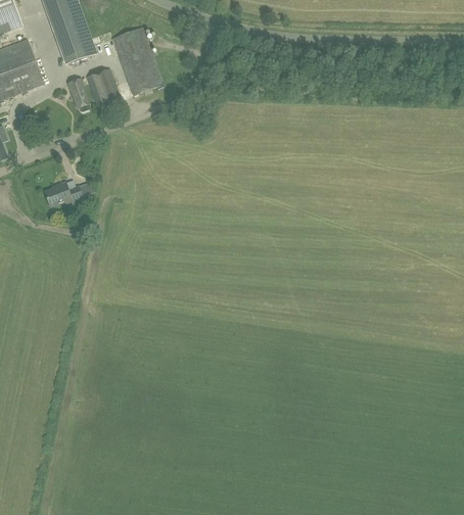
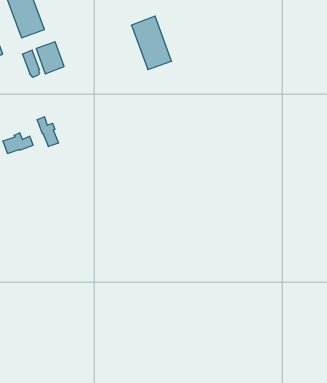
building: [111,27,161,93] -> [131,16,172,70]
building: none -> [37,117,59,147]

